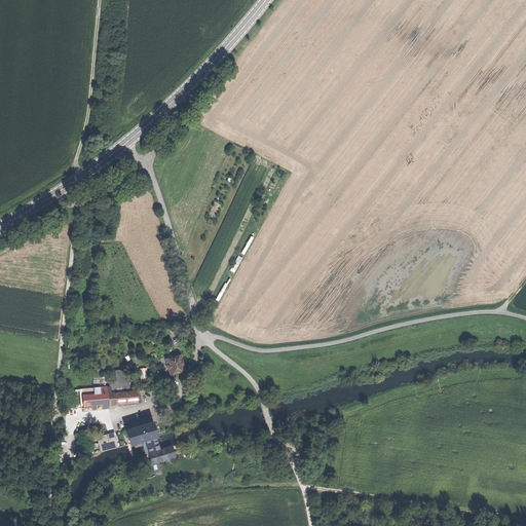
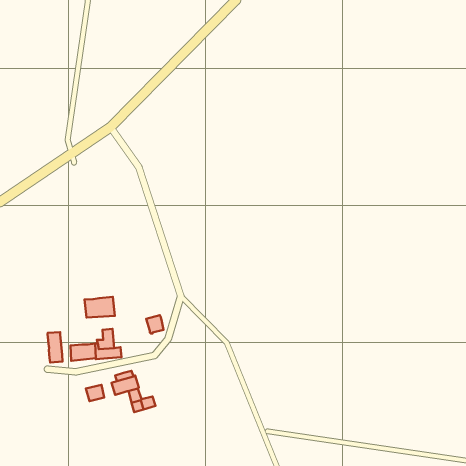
building: none -> [85,297,115,317]
building: none -> [47,332,62,362]

